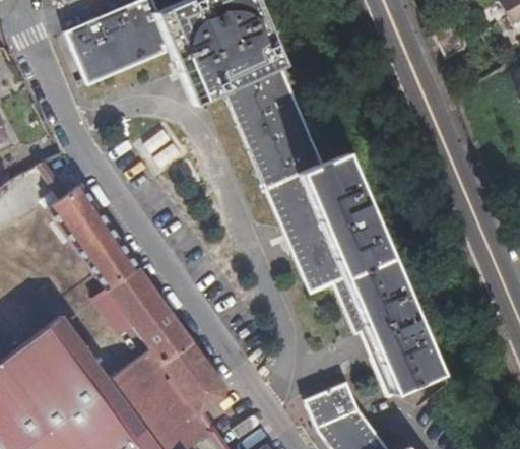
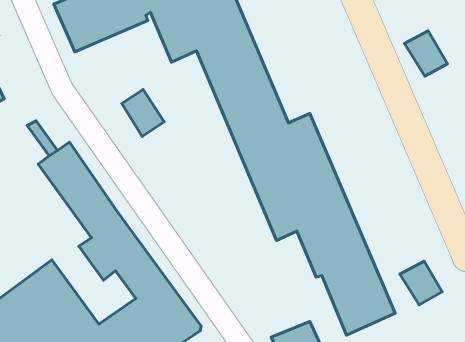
building: none -> [404,31,447,76]
building: none -> [400,261,442,305]

